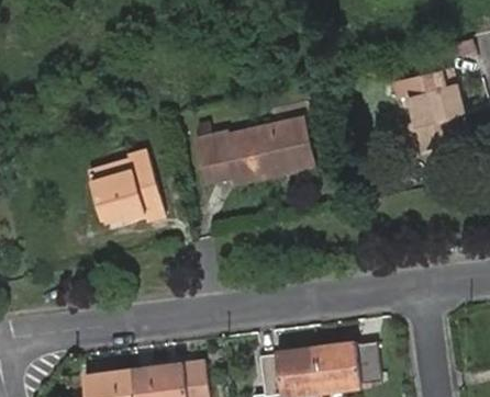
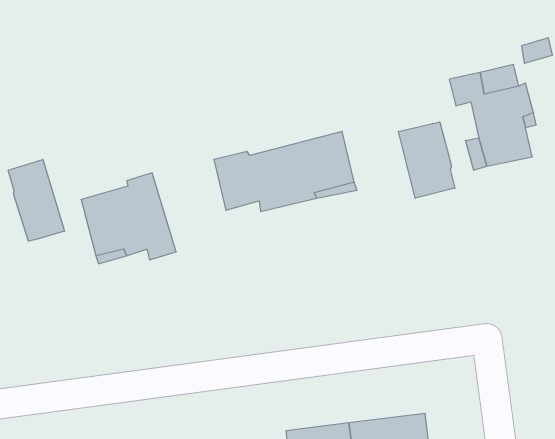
building: none -> [399,122,455,198]
building: none -> [8,159,65,241]

